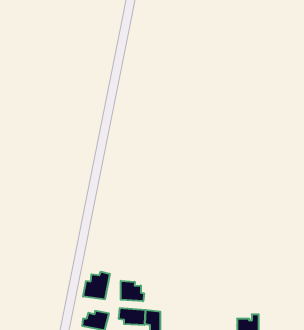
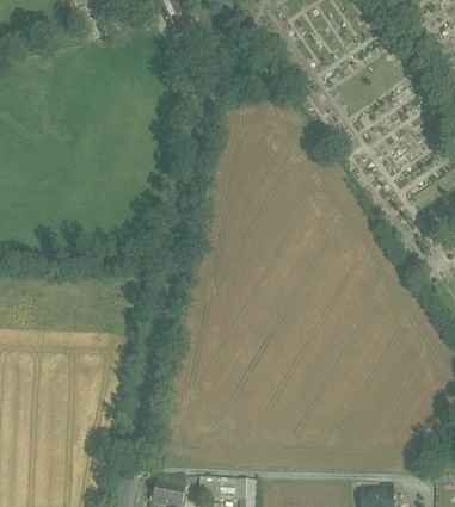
building: [83,272,110,299] -> none
building: [121,281,144,301] -> none

